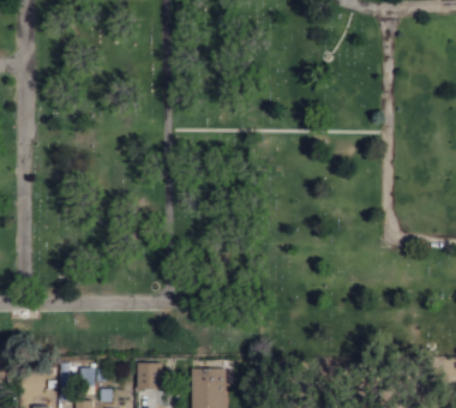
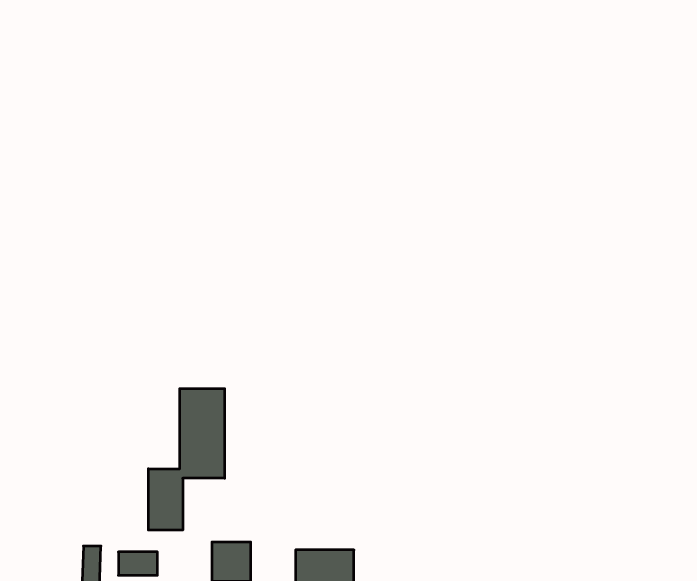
building: none -> [148,389,225,530]

